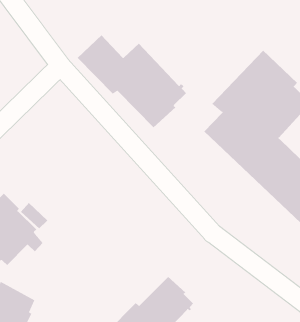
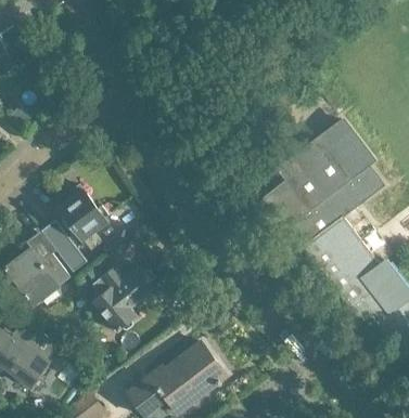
building: [77,35,187,128] -> none
building: none -> [57,185,107,250]
building: none -> [91,266,154,331]

